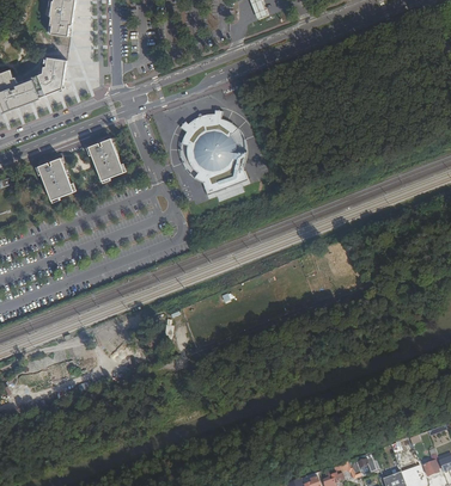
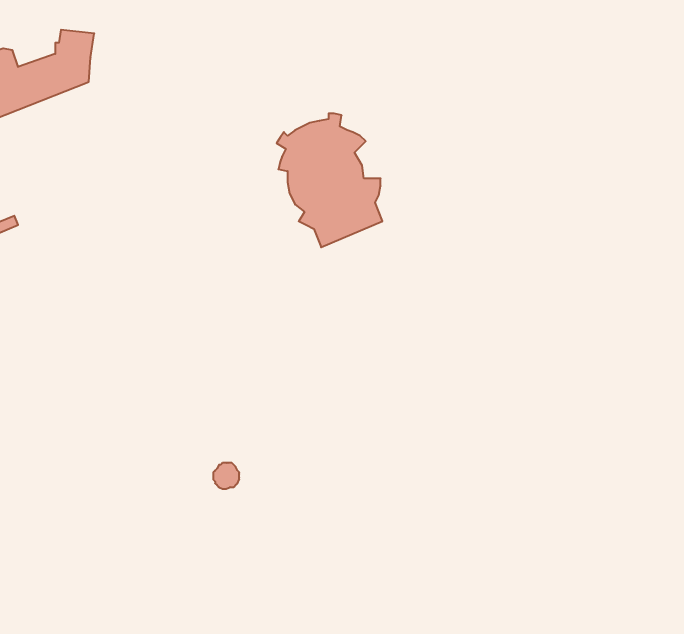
building: [87,137,123,180] -> none
building: [37,156,73,199] -> none

